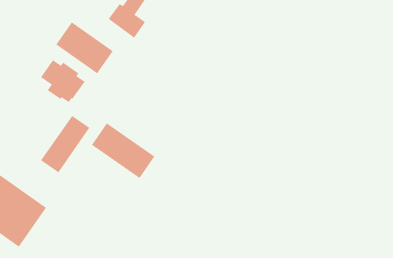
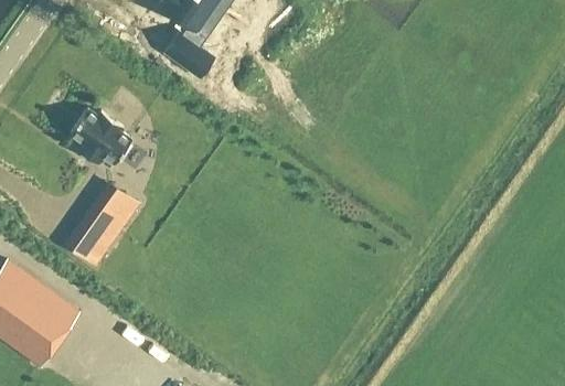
building: [55,22,114,74] -> none
building: [91,122,155,179] -> none

